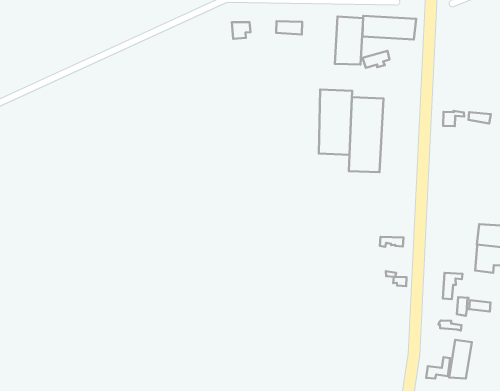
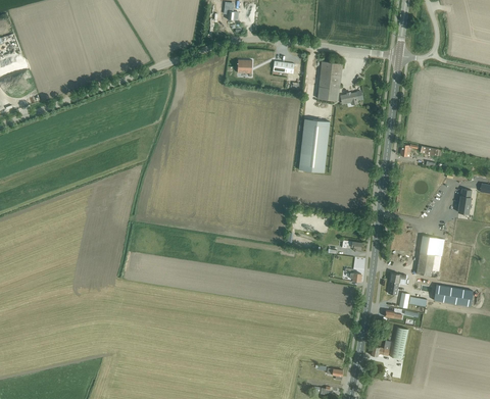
building: [363,16,416,39] -> none
building: [349,97,384,172] -> none

